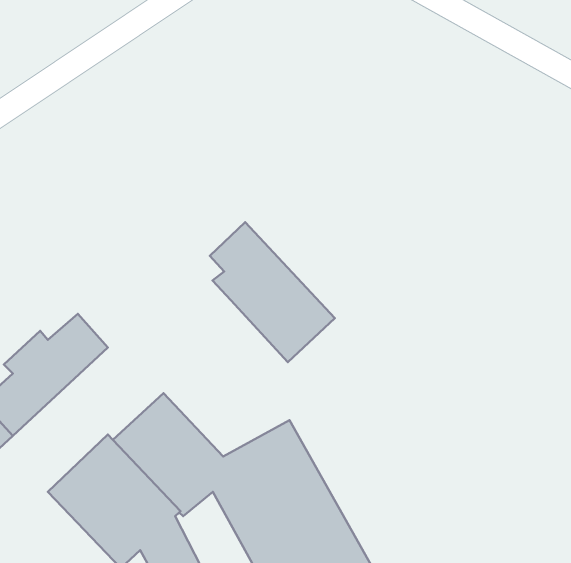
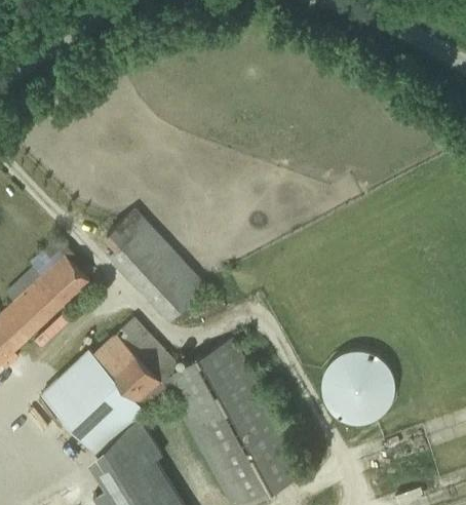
building: [210,222,335,362] -> [107,210,205,321]
building: none -> [321,351,394,424]

